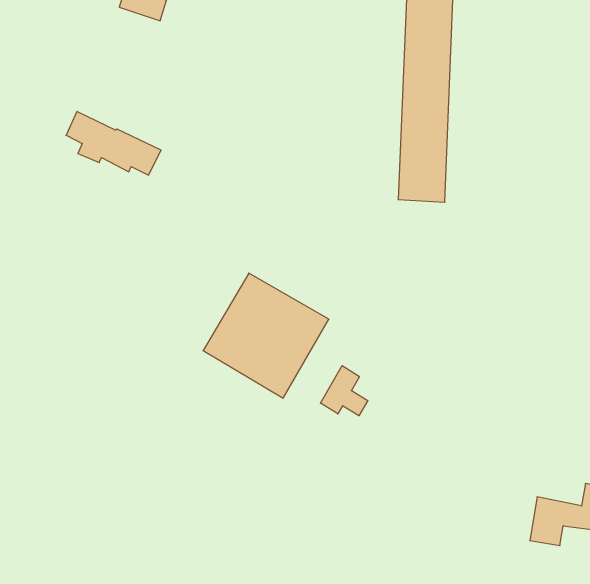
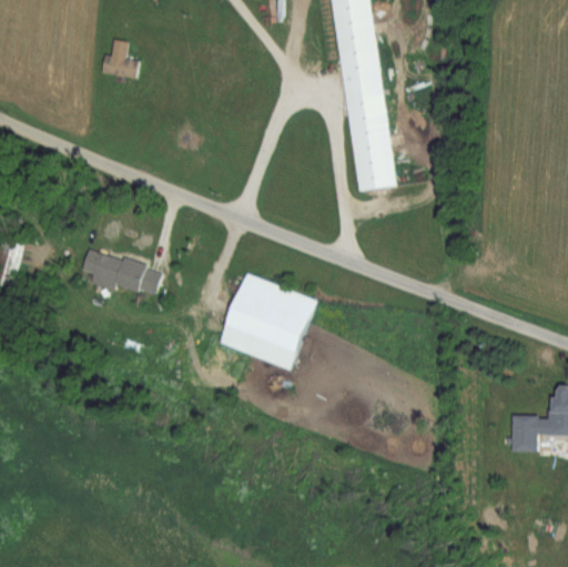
building: [66,111,161,175] -> [82,250,162,292]
building: [320,366,368,416] -> none

